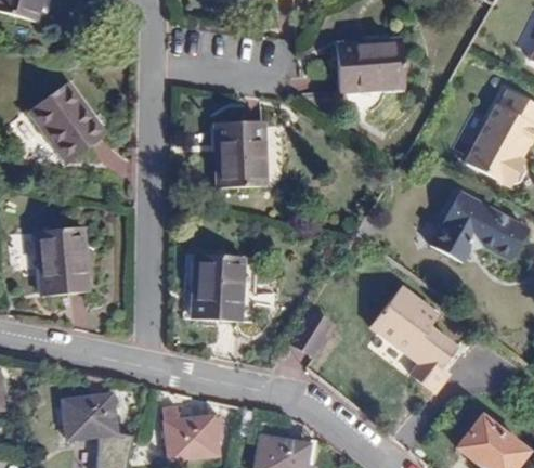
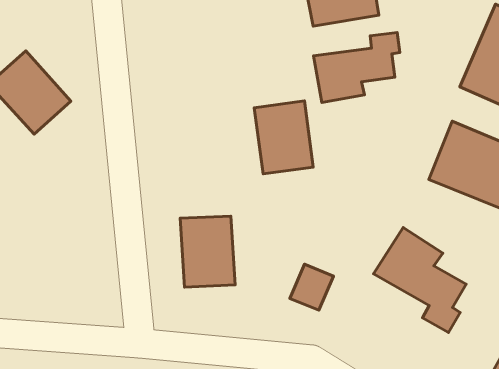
building: none -> [313,33,400,103]
building: [217,120,265,184] -> [254,101,313,174]
building: [37,228,89,296] -> none

